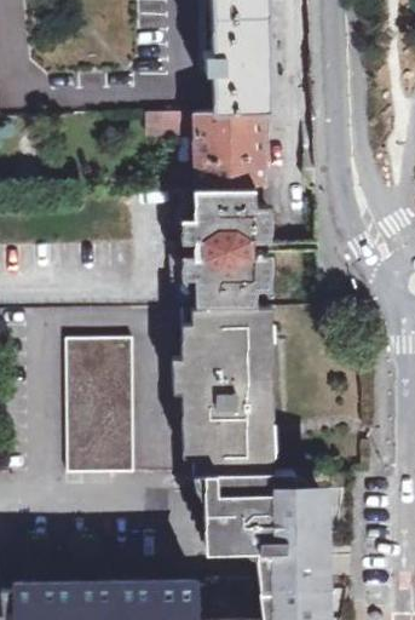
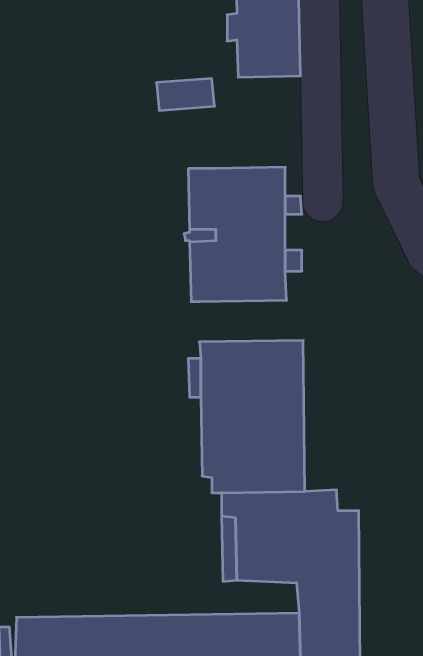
building: [196,108,271,189] -> none
building: [183,304,273,340] -> none
building: [69,338,138,475] -> none

